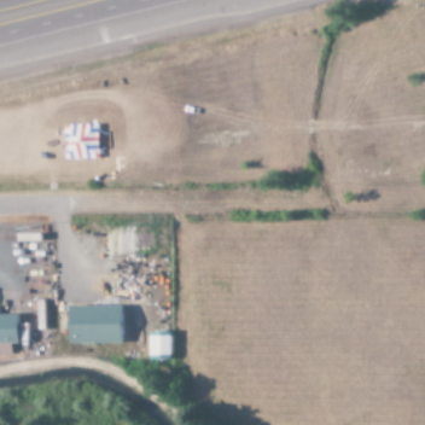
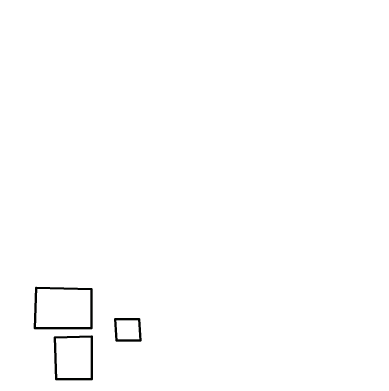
building: none -> [55,337,92,379]

